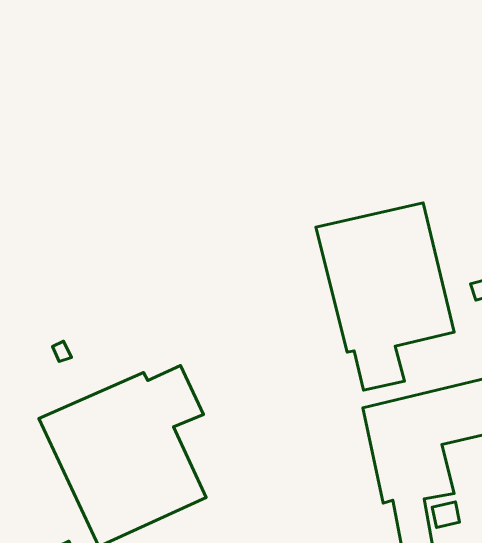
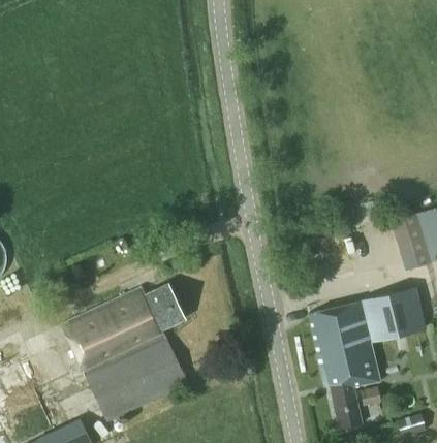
building: [316,203,454,390] -> none

